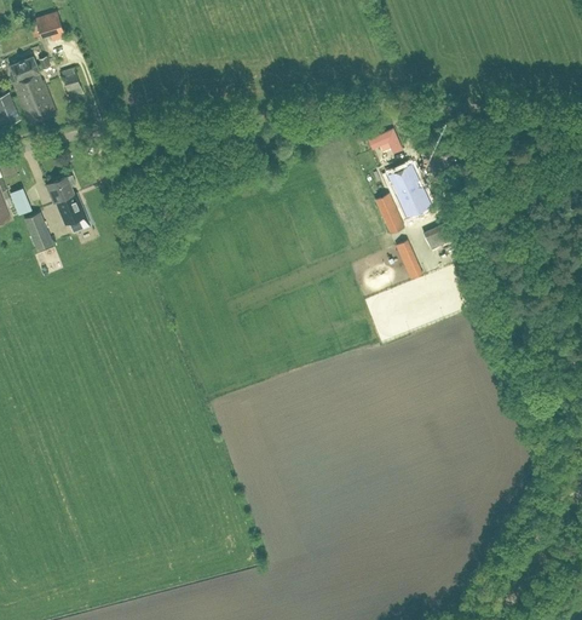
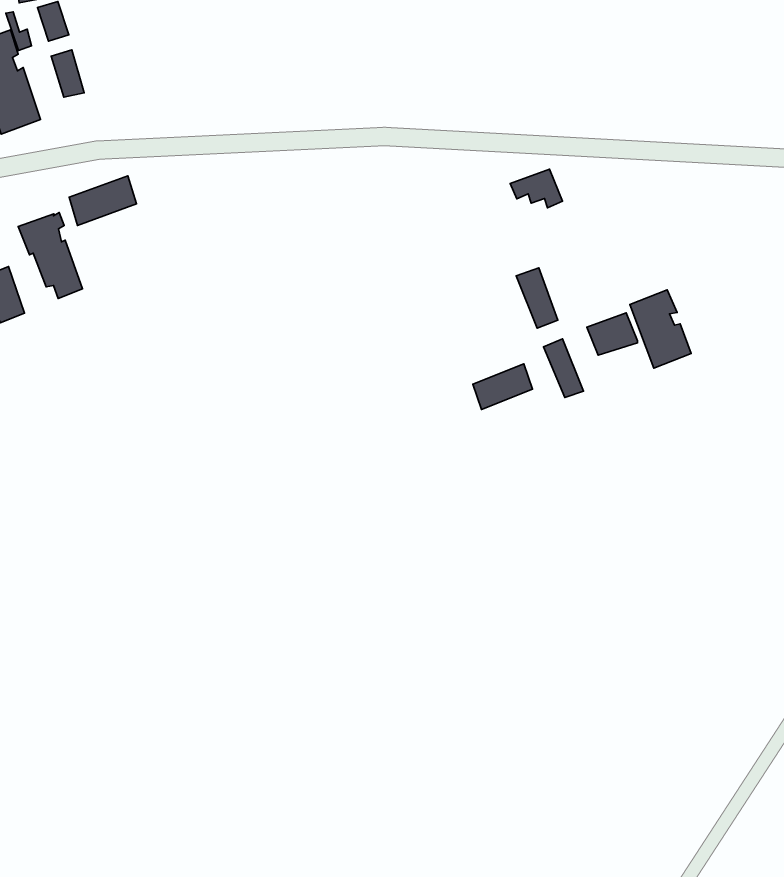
building: none -> [69,176,136,225]
building: [388,165,431,217] -> [630,290,691,368]
building: none -> [473,364,532,410]

